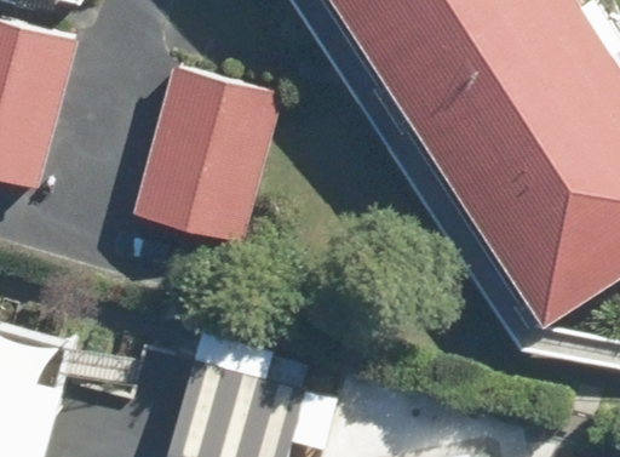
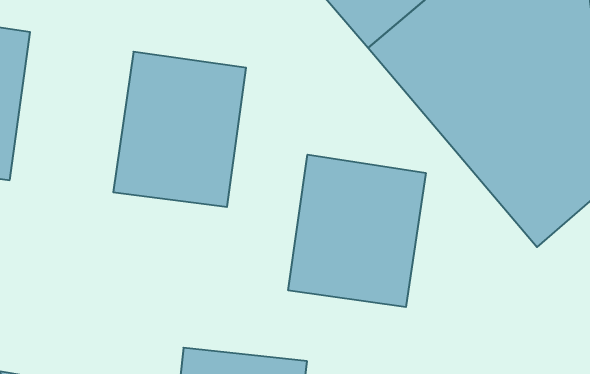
building: none -> [288,155,426,307]

